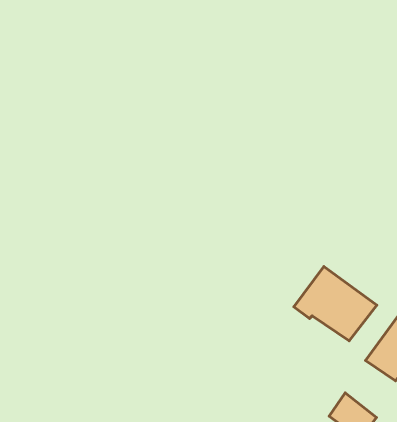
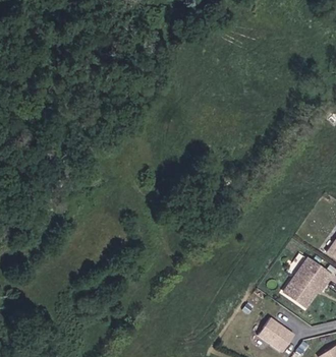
building: [294,267,377,341] -> none

